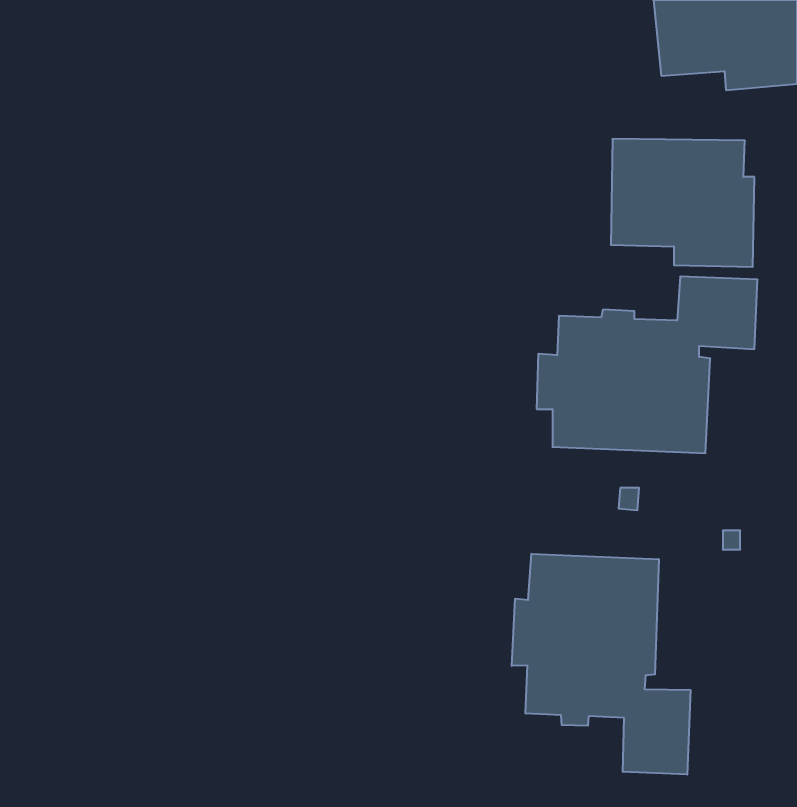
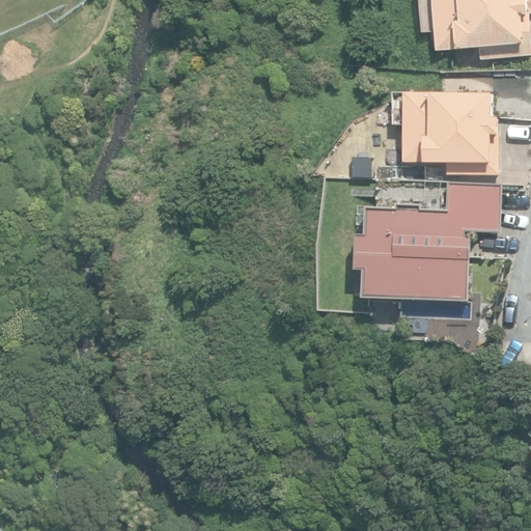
building: [512,554,690,775] -> none

